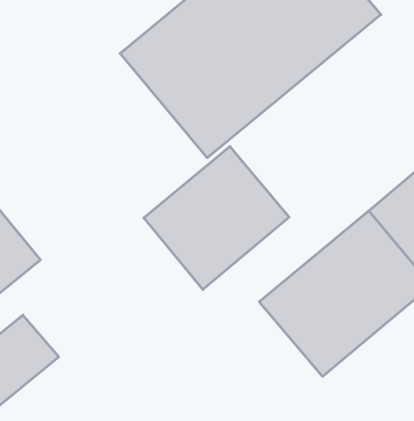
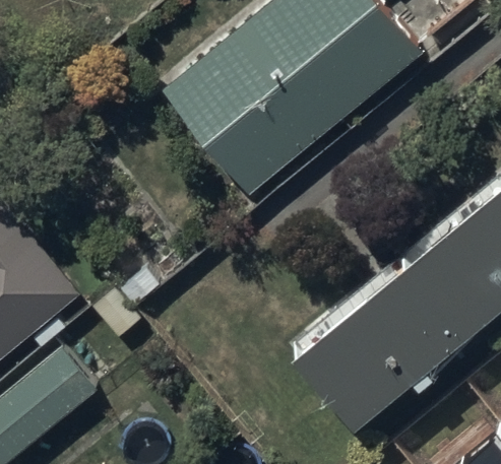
building: [144,146,289,290] -> none

